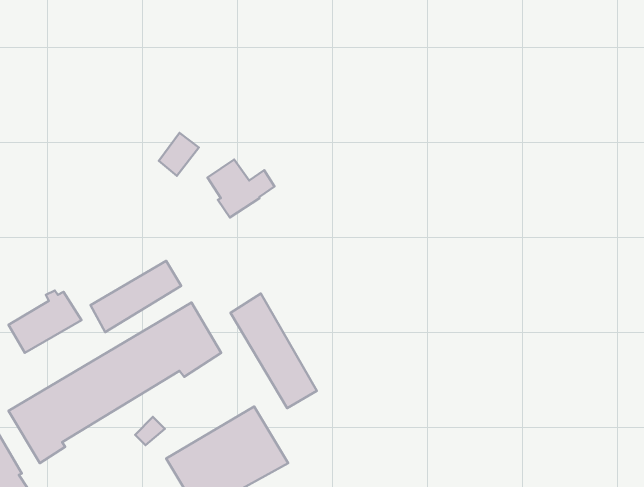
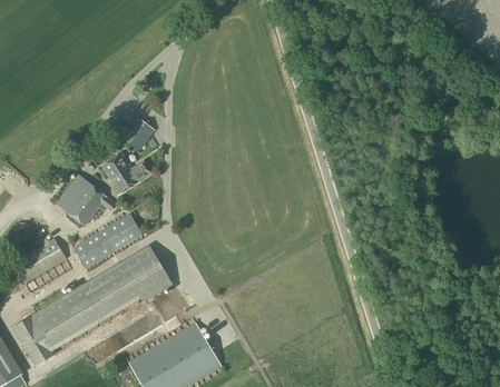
building: [207,160,274,218] -> [100,152,150,196]
building: none -> [56,175,115,226]
building: [231,294,317,408] -> none

